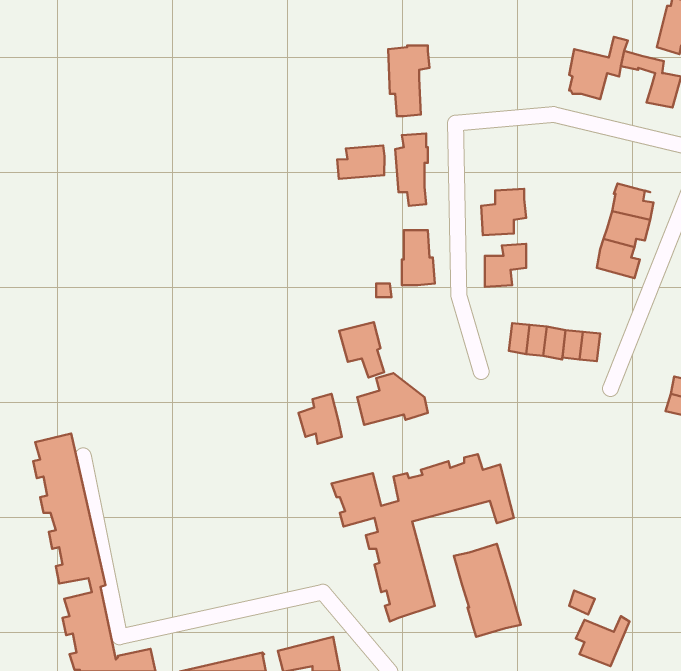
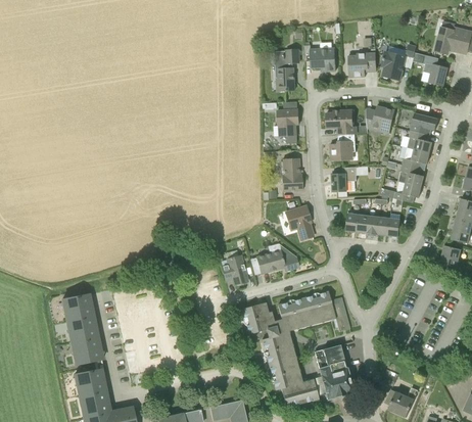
building: none -> [304,45,335,72]
building: none -> [348,52,377,78]
building: none -> [366,106,395,134]
building: [337,146,385,179] -> none
building: none -> [327,110,357,135]
building: none -> [411,113,438,136]
building: none -> [379,181,421,202]
building: [339,322,384,377] -> [286,206,313,239]
building: none -> [281,378,319,408]

